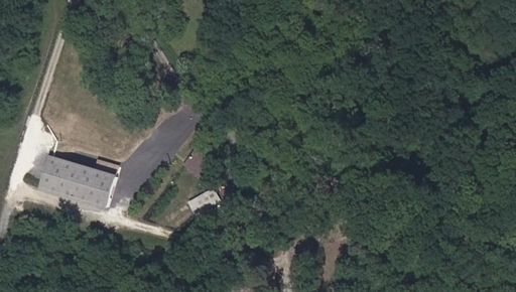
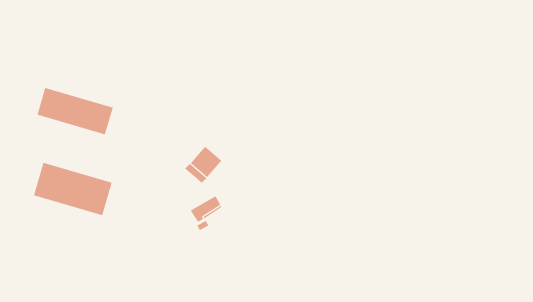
building: none -> [37,87,114,135]

